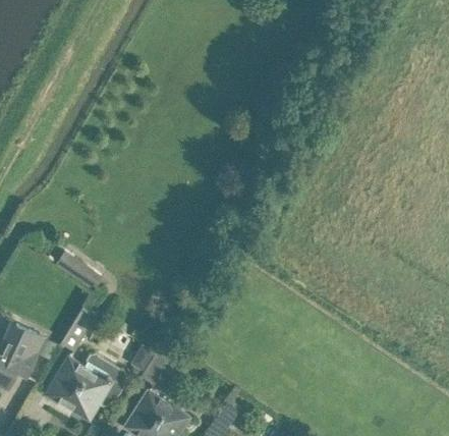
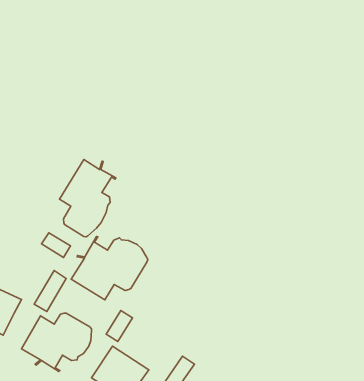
building: none -> [59,159,116,237]
building: none -> [71,237,148,300]

